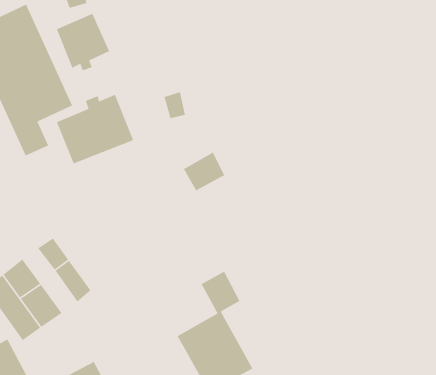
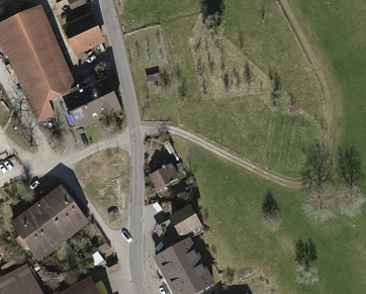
building: [183,152,225,191] -> [149,162,181,192]
building: none -> [37,191,79,240]

